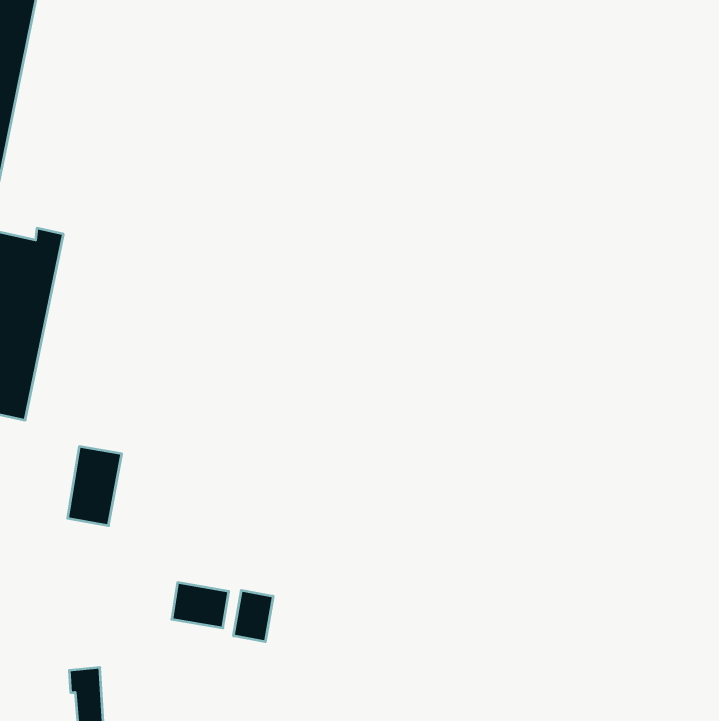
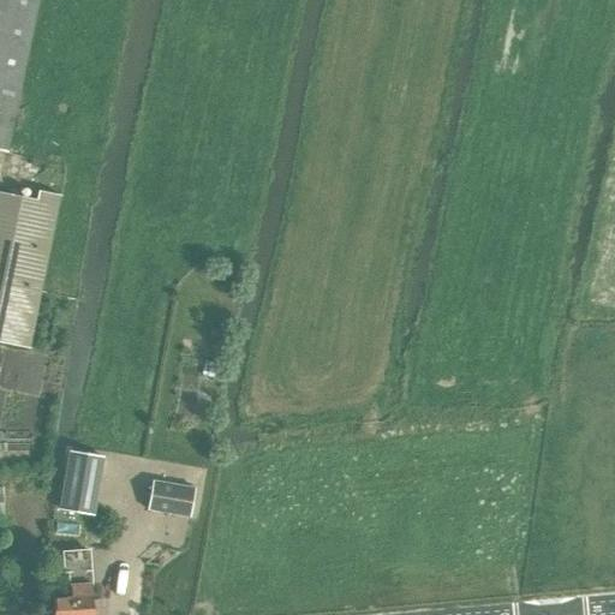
building: [68,447,122,526] -> [58,449,102,514]
building: [234,590,273,642] -> none

